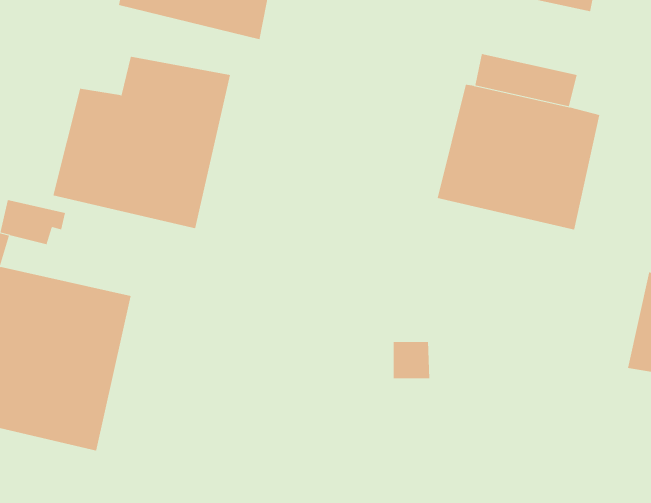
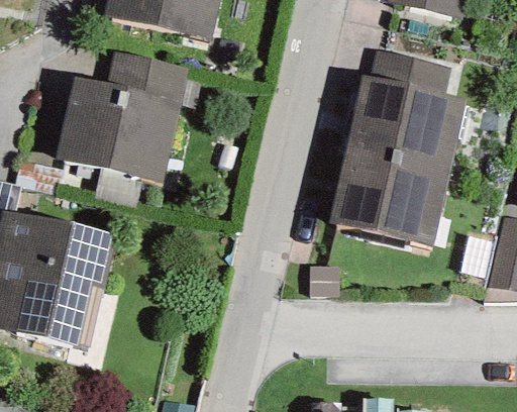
building: none -> [329,159,447,246]

